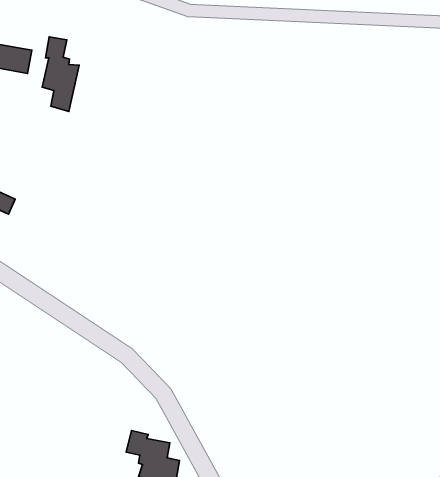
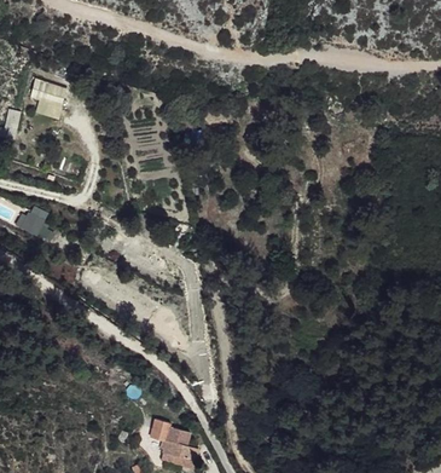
building: [42,37,79,111] -> none

